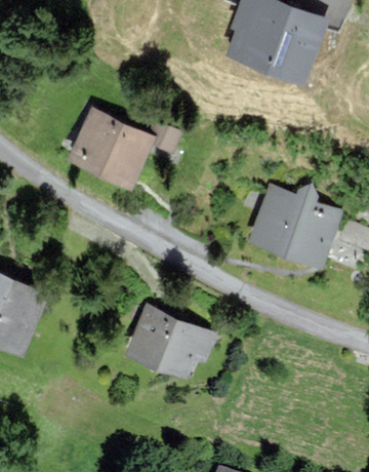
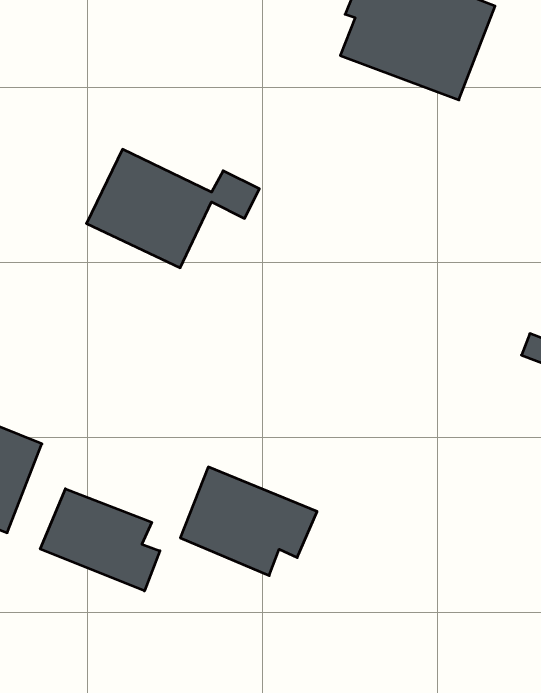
building: [253,188,339,264] -> none
building: none -> [40,489,160,591]

